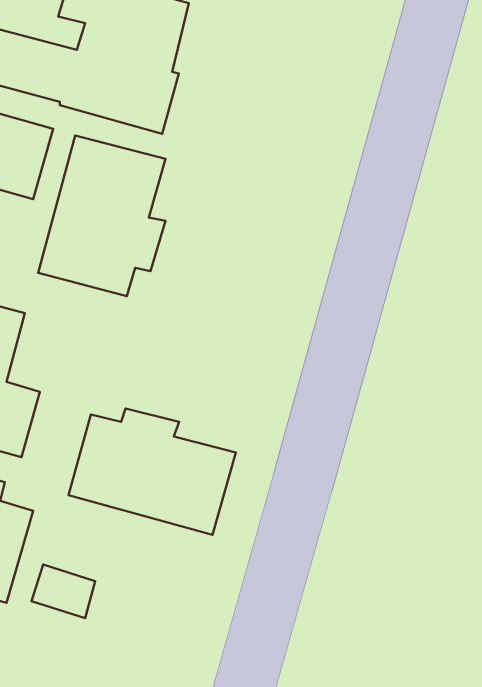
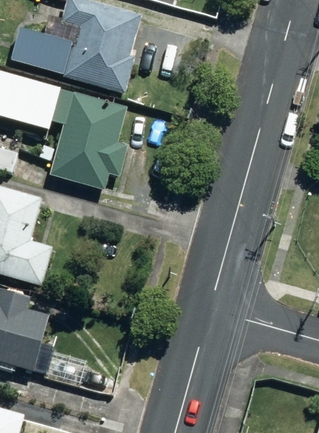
building: [68,409,236,535] -> none

